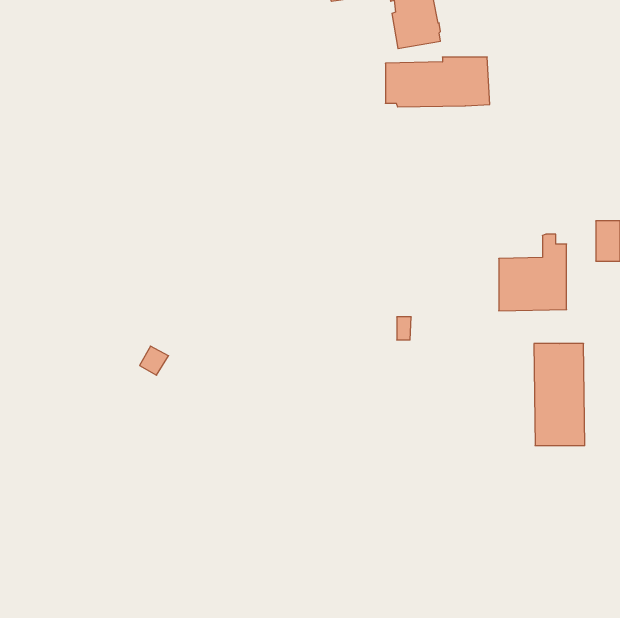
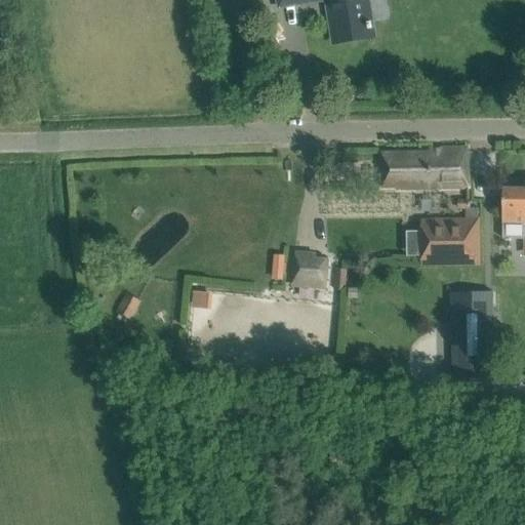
building: [385,57,490,107] -> [381,146,470,188]
building: none -> [291,251,327,287]

